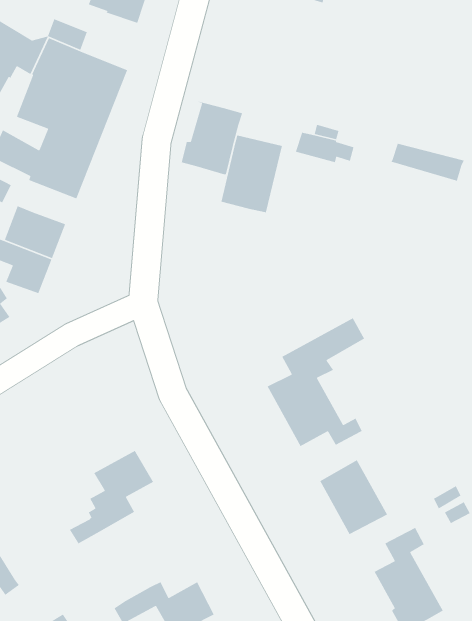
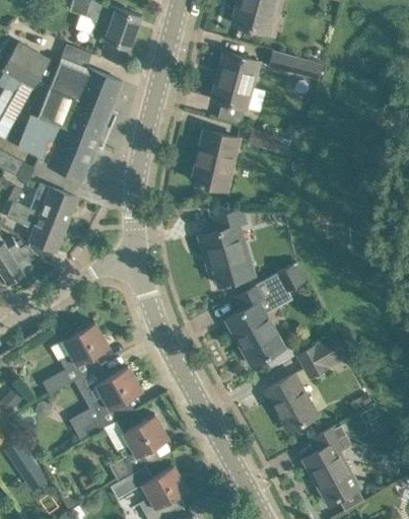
building: [181,101,243,175] -> [211,53,258,108]
building: [390,143,465,182] -> [268,52,324,81]
building: none -> [198,210,249,286]
building: none -> [43,322,109,394]
building: none -> [296,333,347,378]
building: none -> [111,415,168,479]

